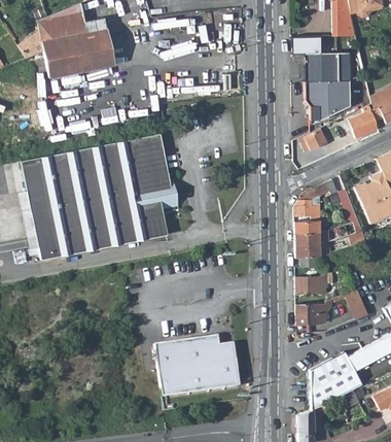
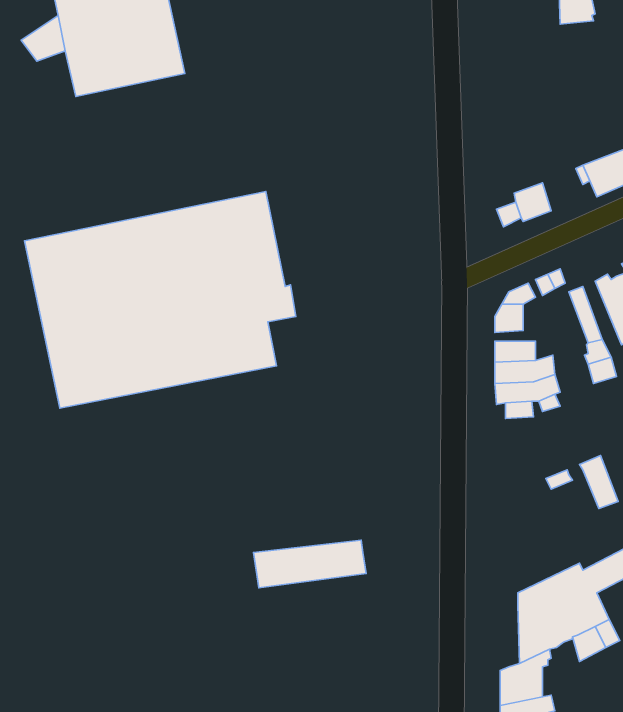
building: [291,36,350,123] -> none
building: [296,271,333,294] -> none
building: [296,303,322,325] -> none
building: [157,342,237,396] -> none

